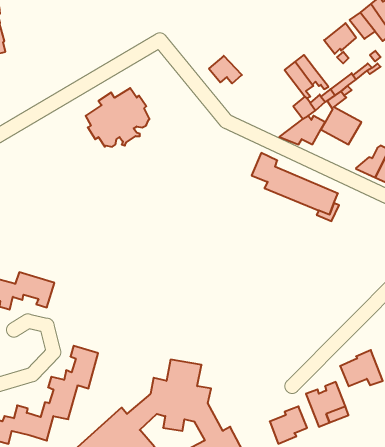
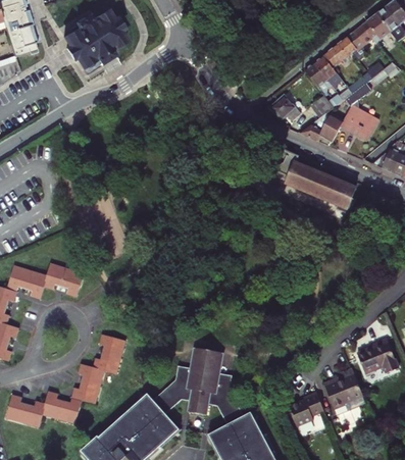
building: none -> [322,41,352,68]
building: [209,56,242,83] -> [269,95,301,121]
building: [86,88,150,147] -> [64,10,125,66]

